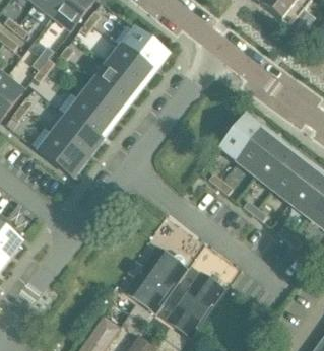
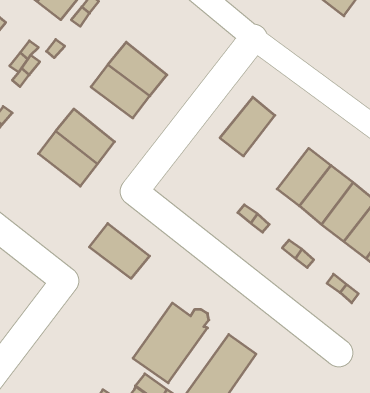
building: [121,27,167,71] -> none
building: [80,80,126,123] -> none
building: [219,114,262,159] -> [220,97,275,156]
building: [39,132,85,174] -> [89,223,150,278]

